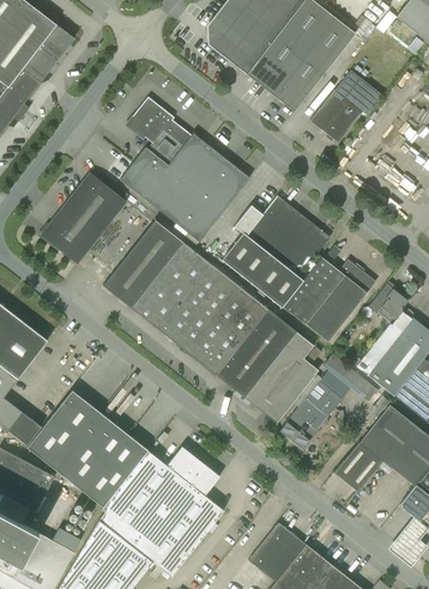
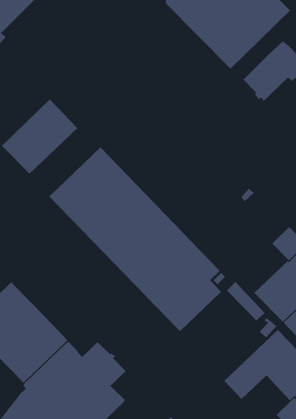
building: [120,98,249,247] -> none
building: [222,195,375,342] -> none
building: [279,378,344,450] -> none

